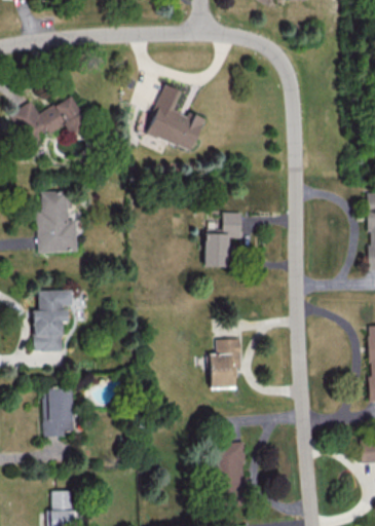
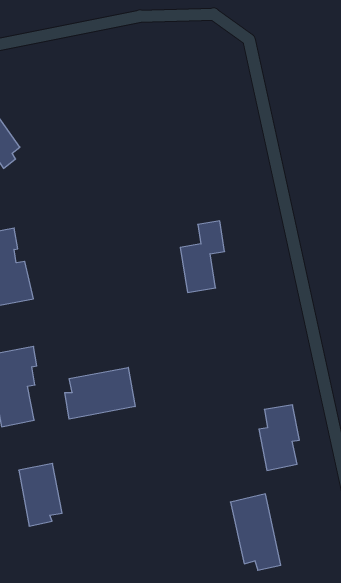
building: [148,84,204,150] -> none
building: none -> [65,367,135,419]
building: [210,338,241,388] -> [259,405,299,470]

